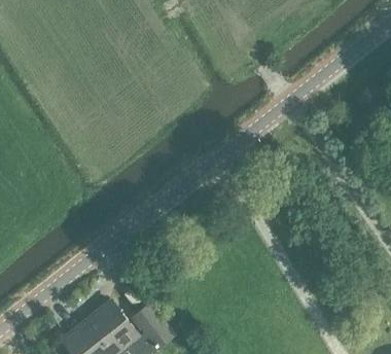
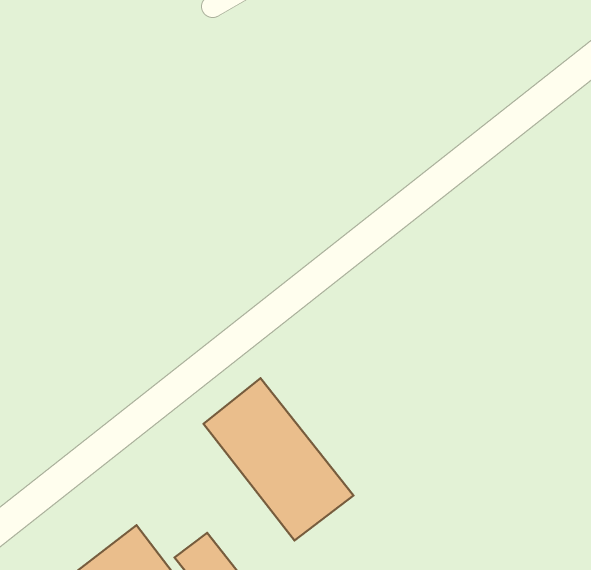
building: none -> [203,378,354,540]

